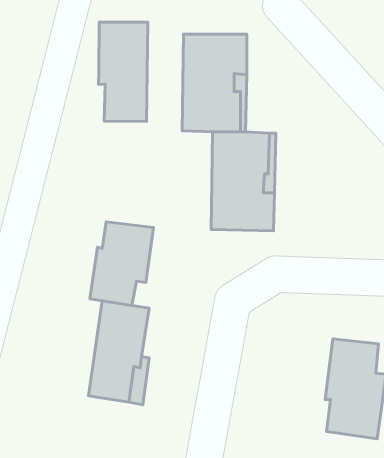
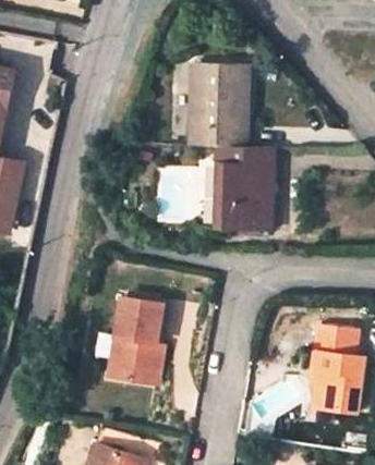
building: [98,22,148,122] -> none
building: [90,222,153,305] -> none

